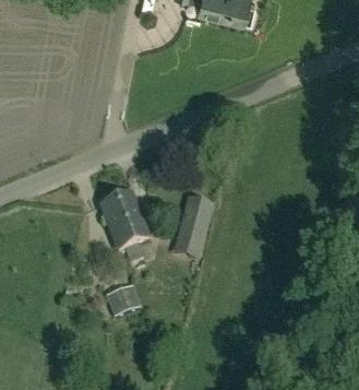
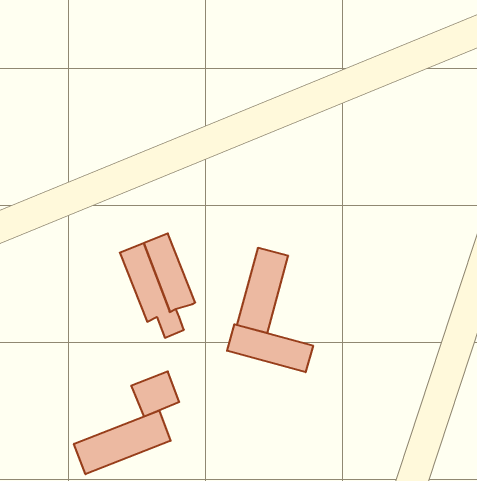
building: none -> [227,324,313,372]
building: none -> [74,410,171,474]

